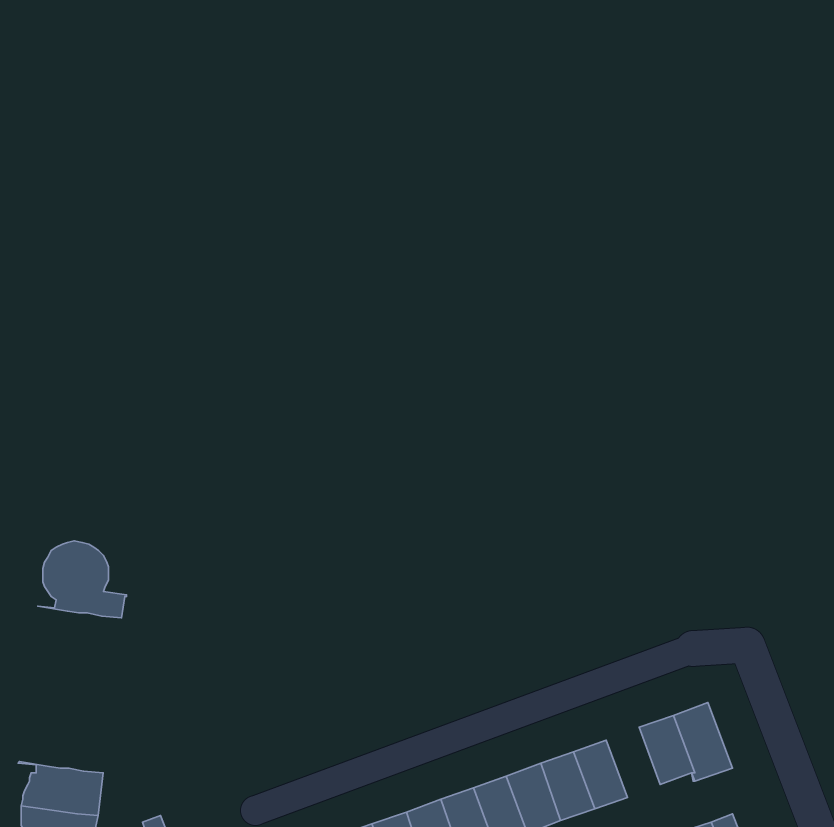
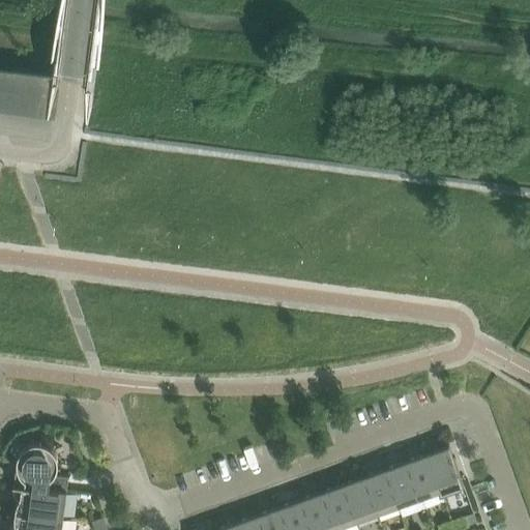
building: [38,541,126,618] -> [12,446,68,495]
building: none -> [383,466,417,510]

